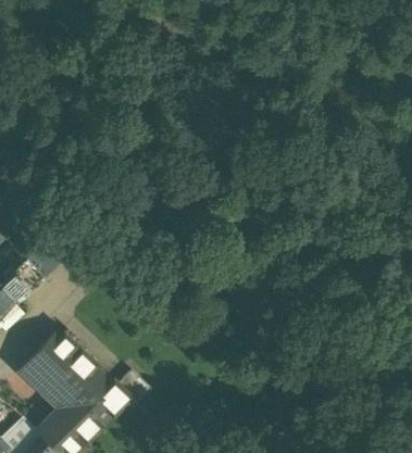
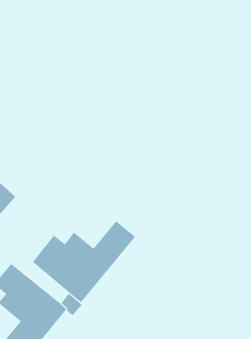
building: none -> [32,220,136,303]

